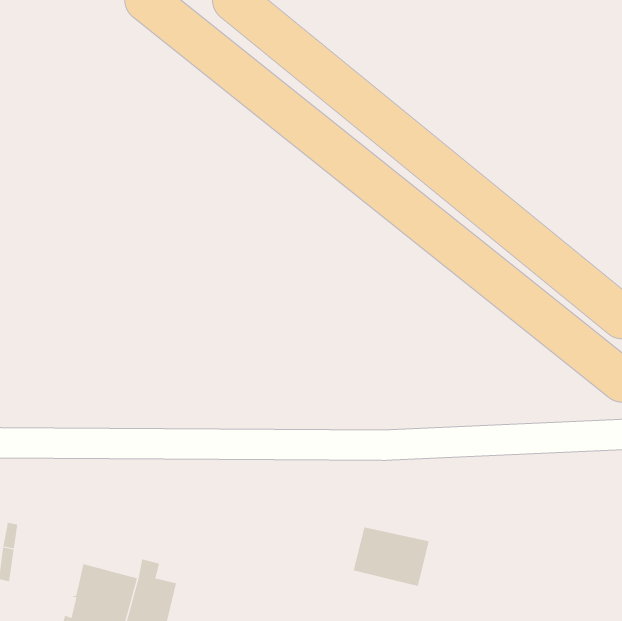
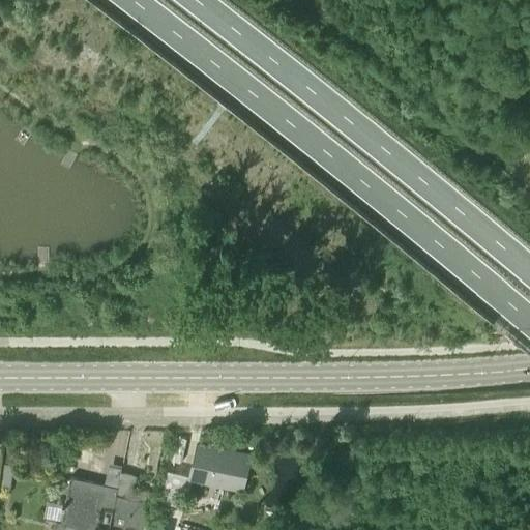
building: [353,527,430,586] -> [186,443,252,494]

